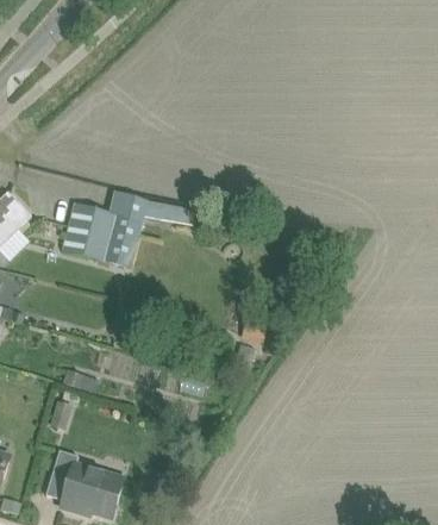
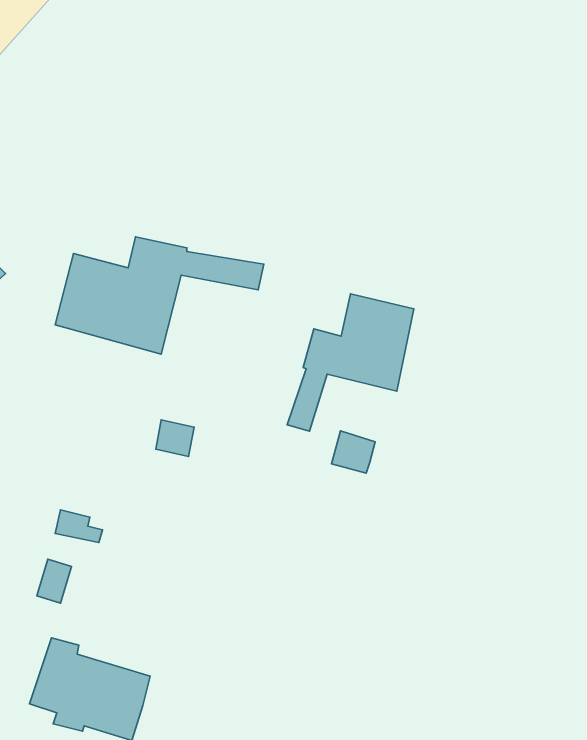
building: none -> [287,294,414,431]

